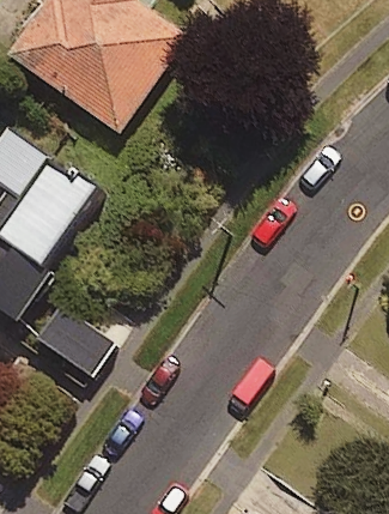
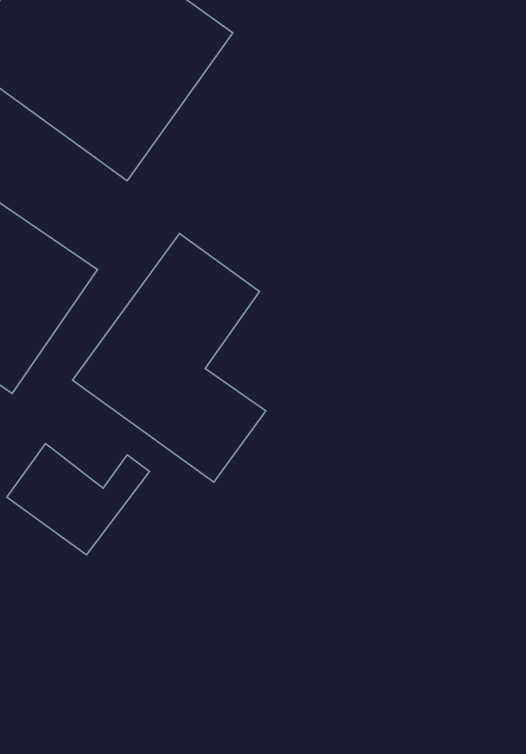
building: none -> [73,234,266,482]

